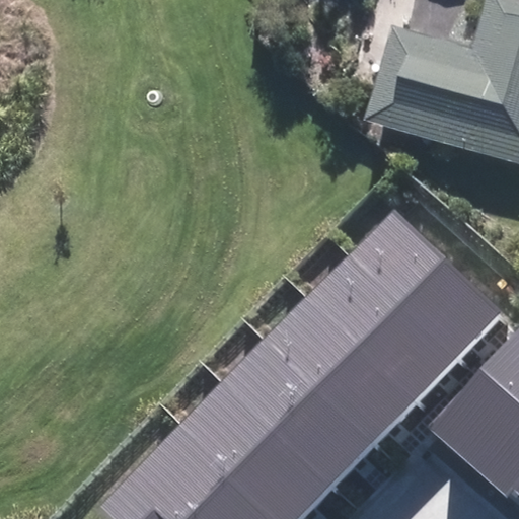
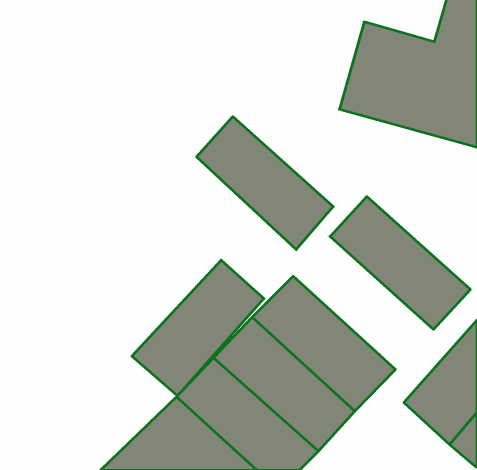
building: none -> [197,117,333,250]
building: [313,252,463,394] -> none
building: none -> [132,260,264,396]

